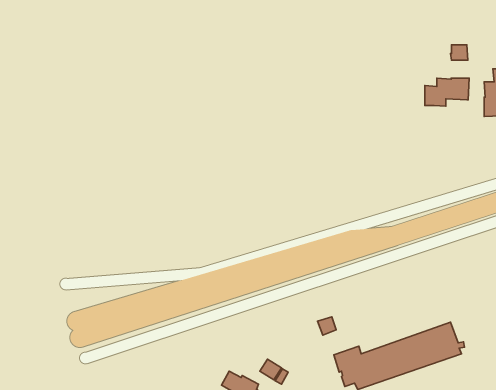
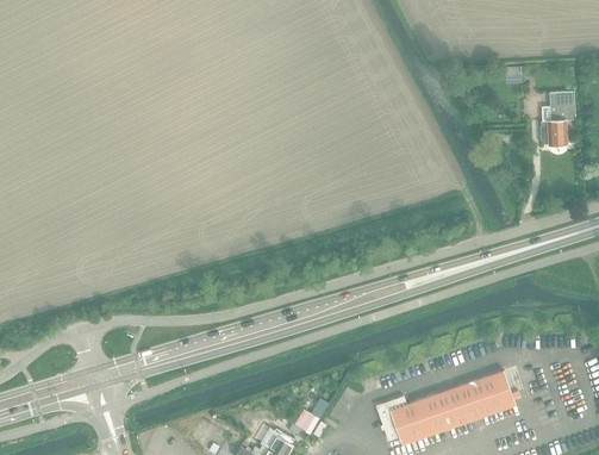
building: [425,78,469,106] -> none

